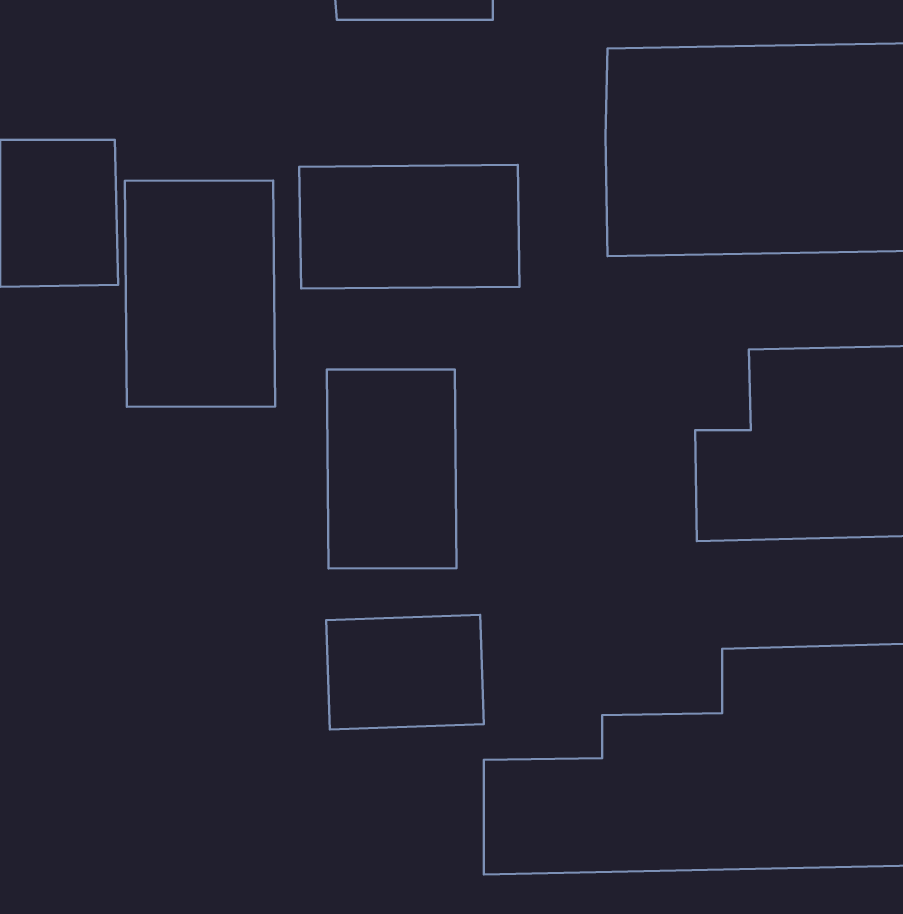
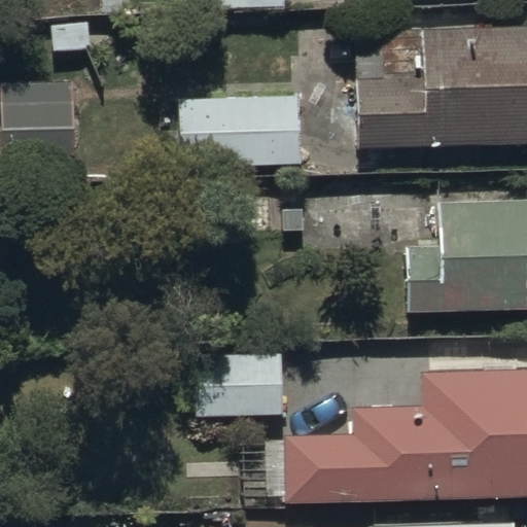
building: [125,180,275,407] -> none
building: [327,369,456,568] -> none

